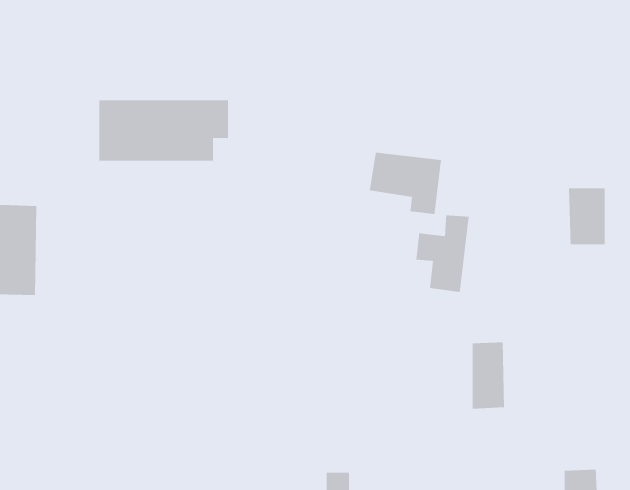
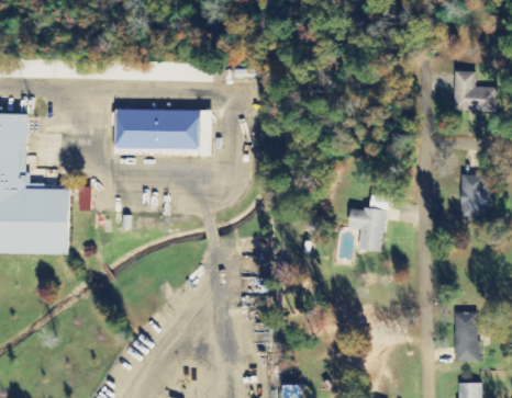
building: none -> [454,72,498,112]
building: [369,152,441,215] -> none
building: [472,342,505,409] -> [455,312,479,362]

